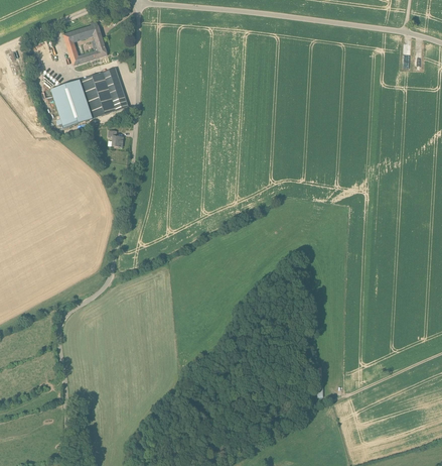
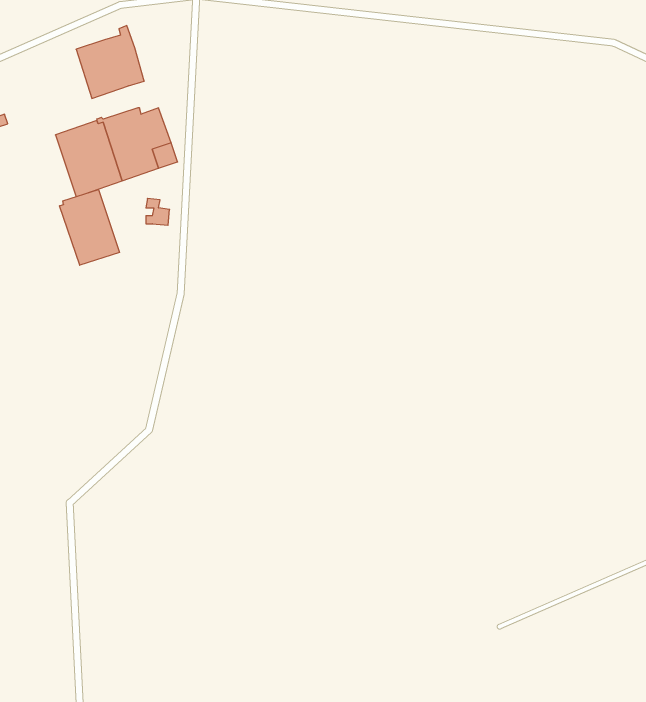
building: none -> [60,190,120,265]

